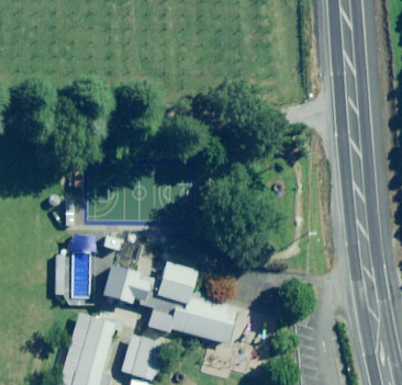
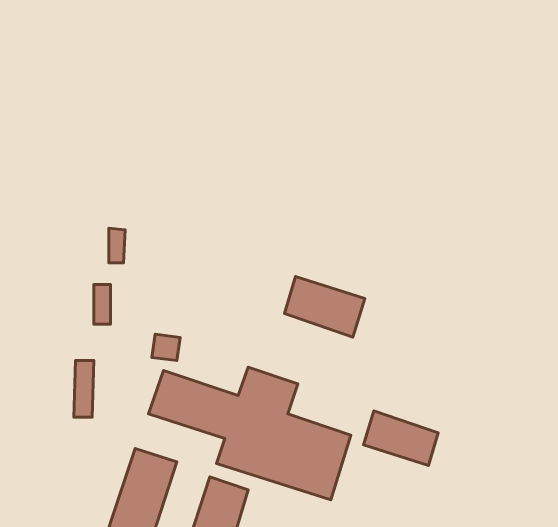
building: none -> [285,277,365,337]
building: none -> [363,411,438,466]

